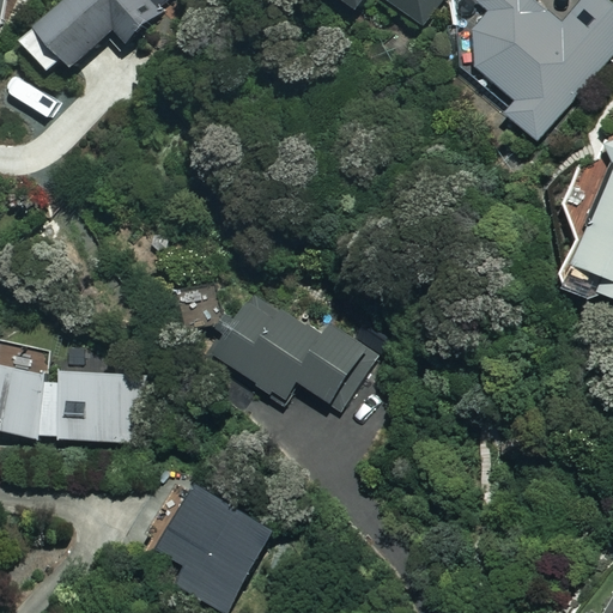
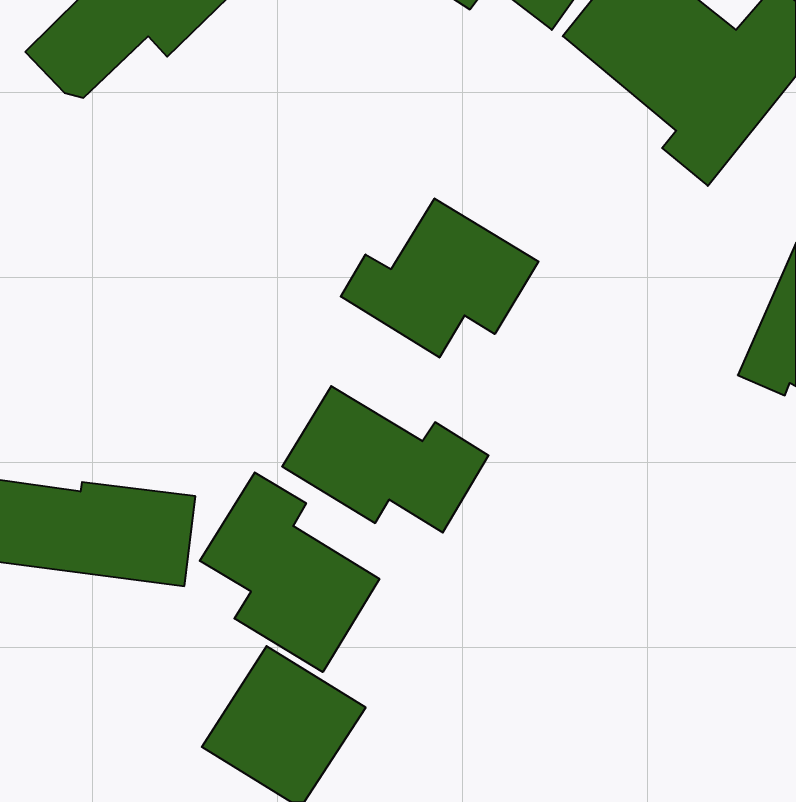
building: none -> [341,198,539,358]
building: none -> [200,472,379,672]

